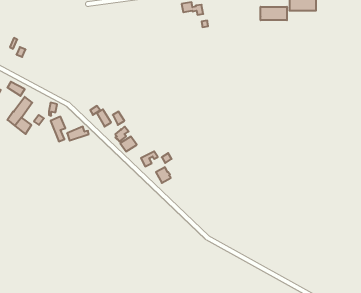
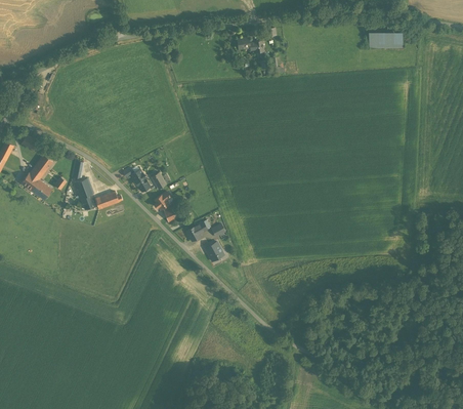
building: [261,7,287,20] -> none

